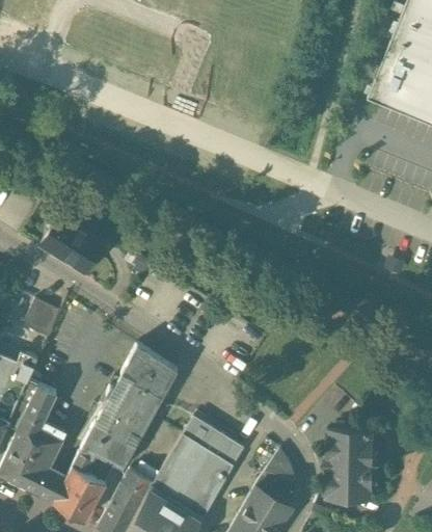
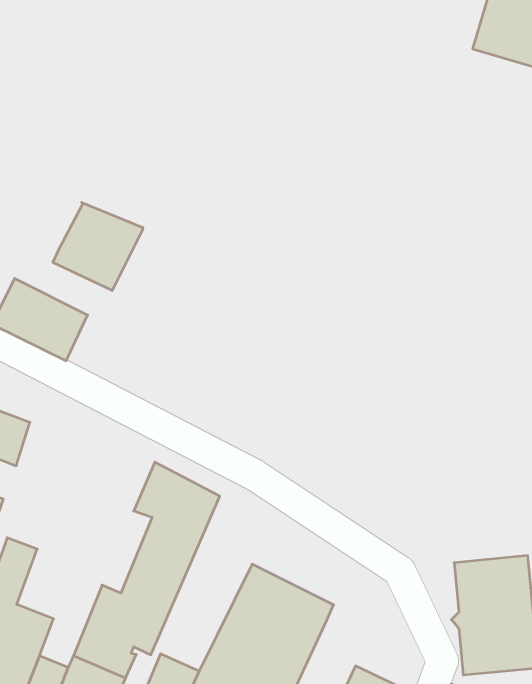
building: none -> [53,202,143,291]
building: [261,449,295,485] -> none

